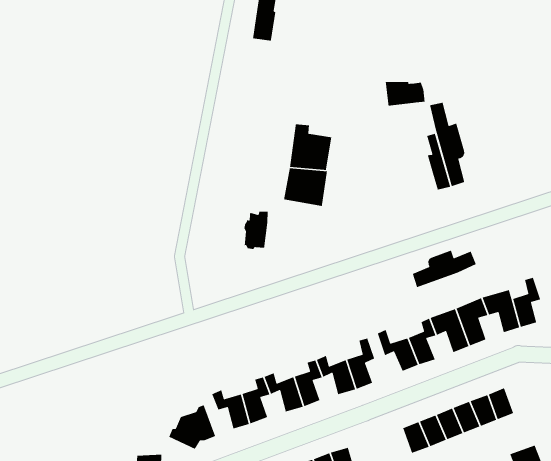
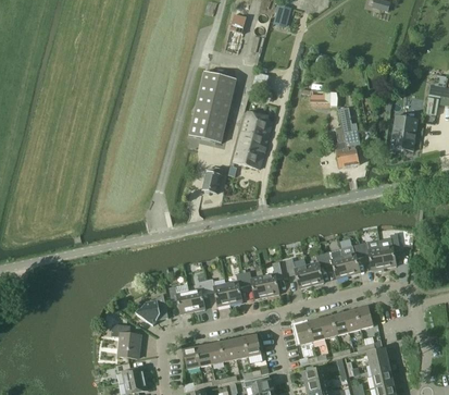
building: none -> [188,71,237,143]
building: none -> [390,115,417,150]
building: [412,249,477,288] -> none

